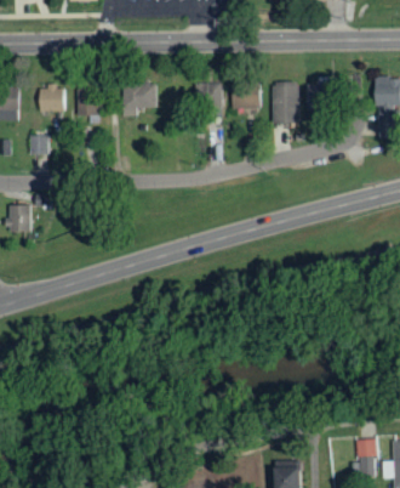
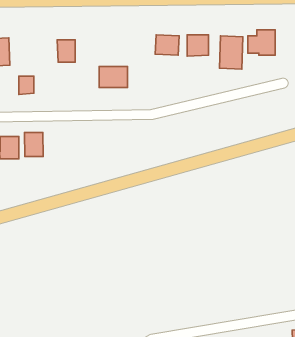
building: [121,83,155,108] -> [99,66,128,88]
building: [36,87,65,112] -> none
building: none -> [25,133,43,157]

